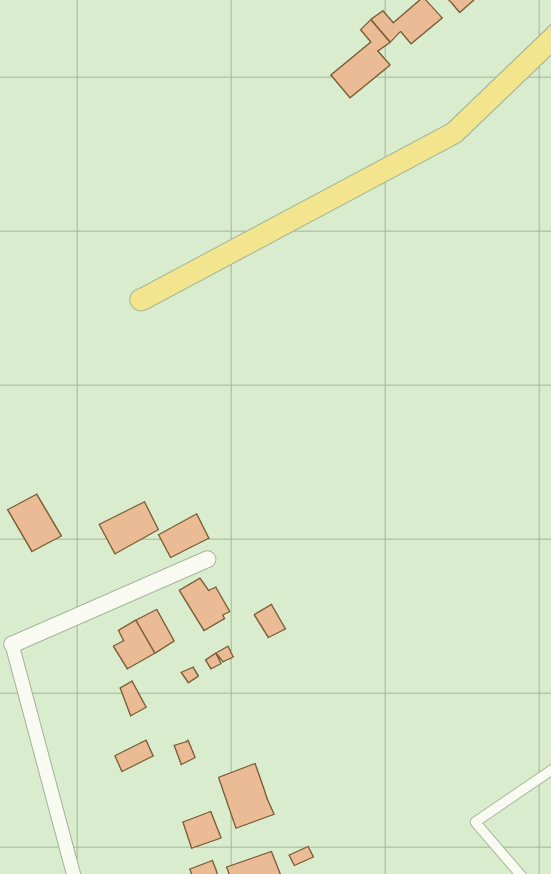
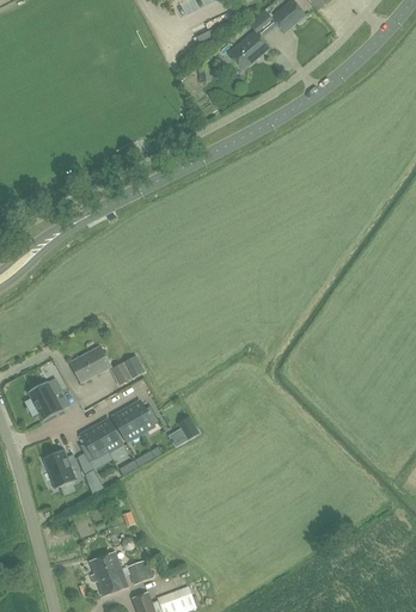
building: [7,494,61,552] -> [26,380,63,420]
building: none -> [110,406,141,442]
building: none -> [44,449,78,486]
building: [219,764,274,828] -> [90,551,128,595]

